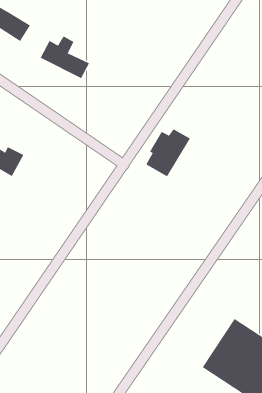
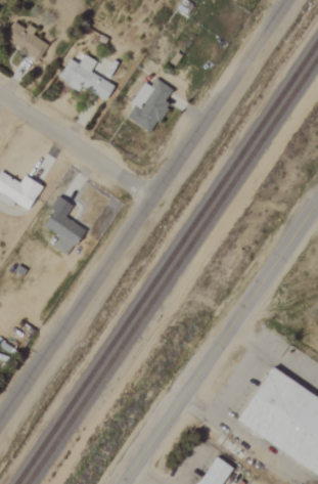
building: [145,128,191,177] -> [126,79,176,133]
building: none -> [42,196,85,255]

